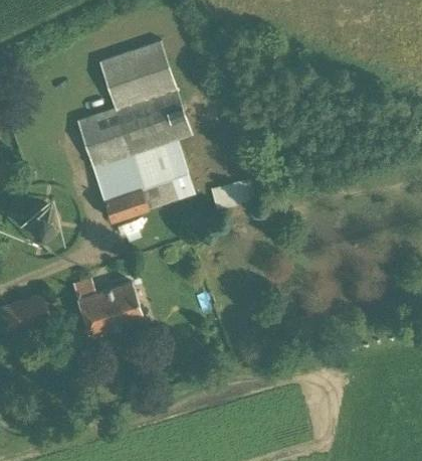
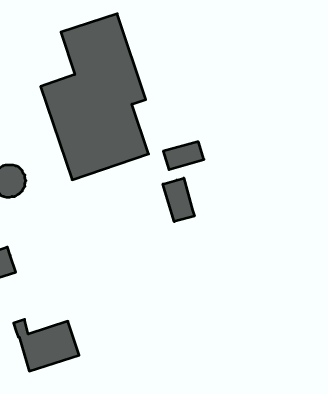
building: none -> [163,178,194,222]
building: [72,281,144,337] -> [14,319,79,371]

